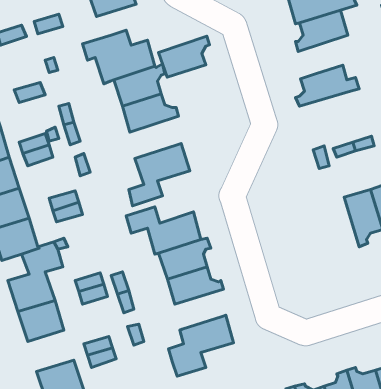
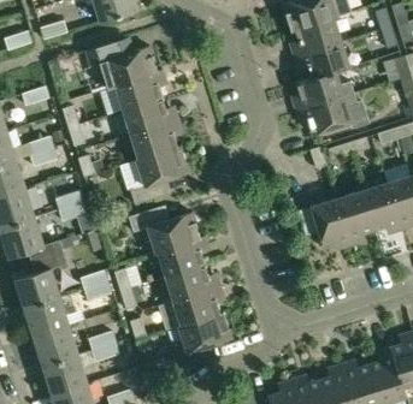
building: none -> [294,41,349,78]
building: [158,36,209,77] -> [131,119,181,159]
building: none -> [295,93,356,133]
building: none -> [312,197,353,248]
building: none -> [175,286,224,325]
building: none -> [33,326,77,366]

